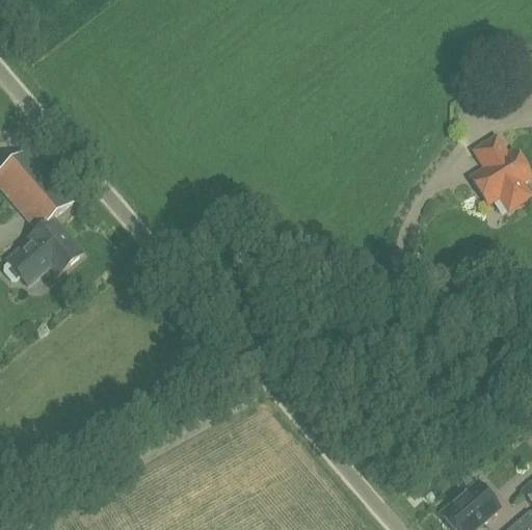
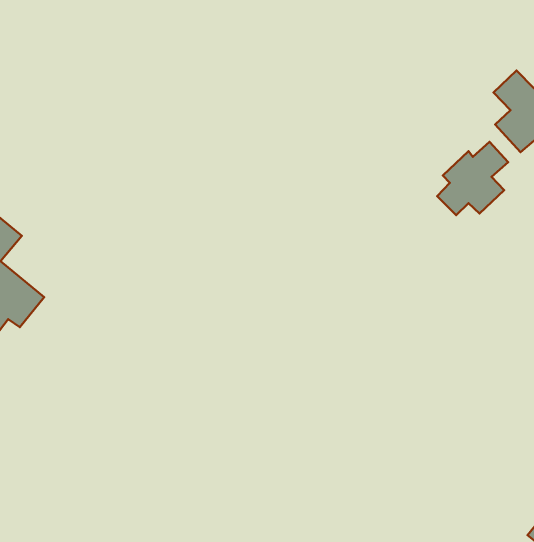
building: none -> [437,142,508,215]

